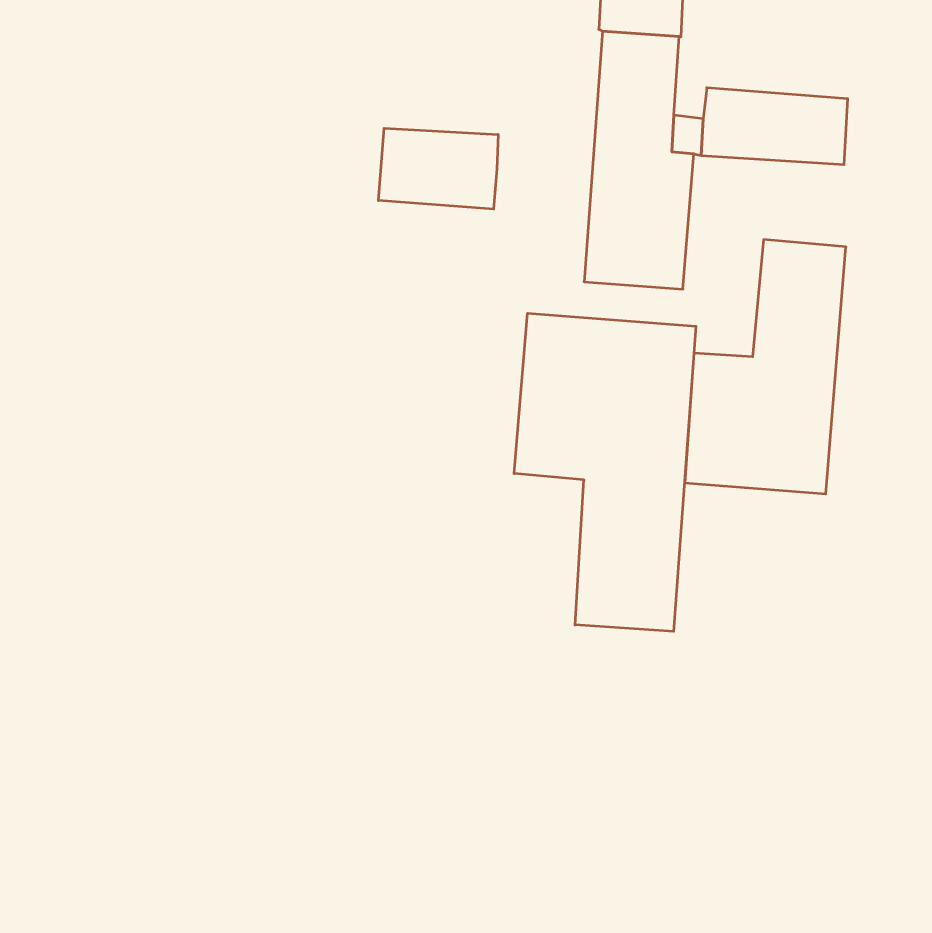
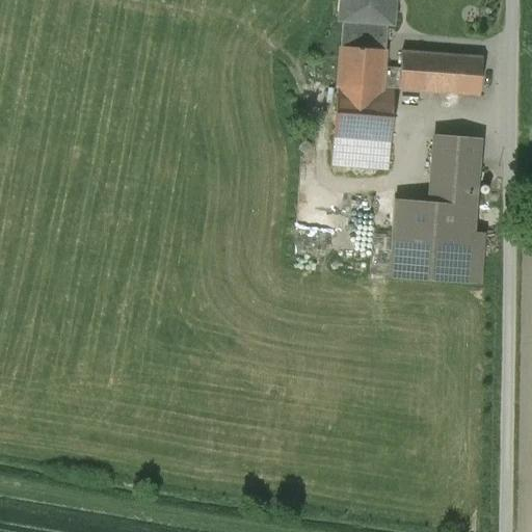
building: [378,128,498,209] -> none
building: [514,313,696,631] -> none

